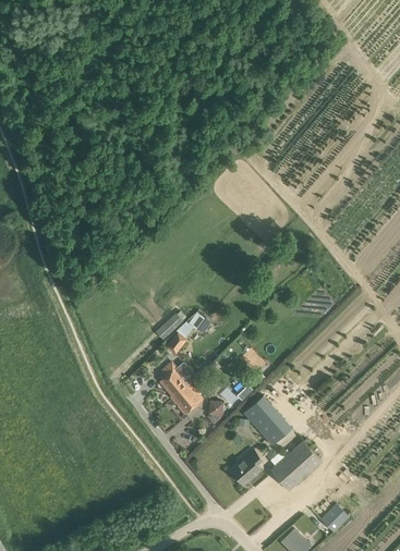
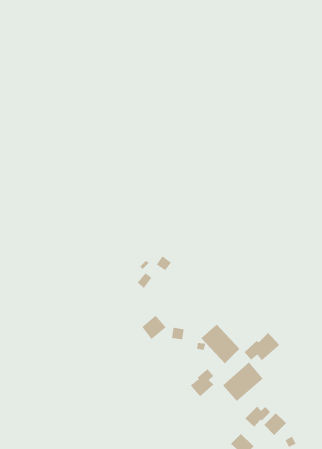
building: [160,363,190,400] -> none
building: none -> [244,332,280,361]
building: none -> [245,406,271,427]

